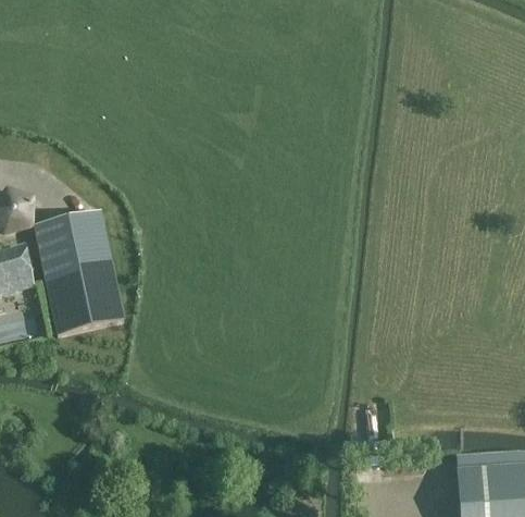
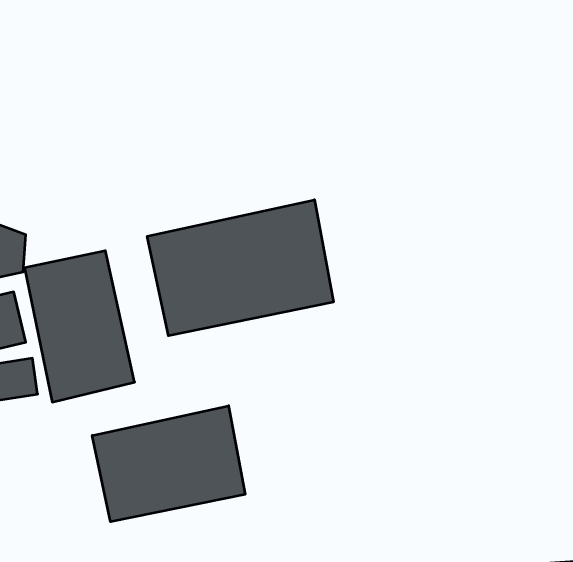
building: none -> [147,200,333,336]
building: none -> [92,406,245,522]

